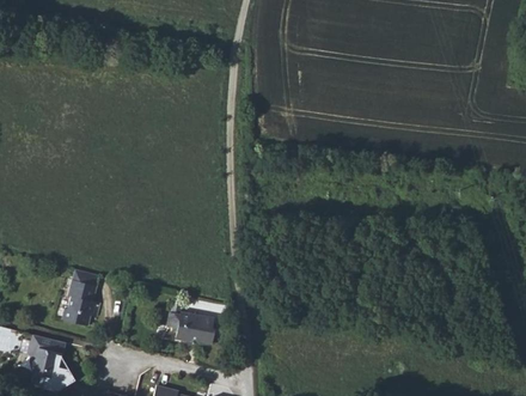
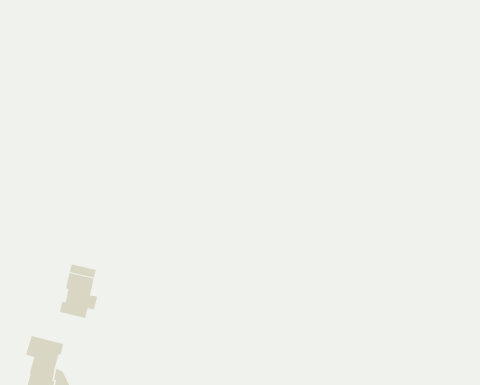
building: [165,307,213,339] -> none

